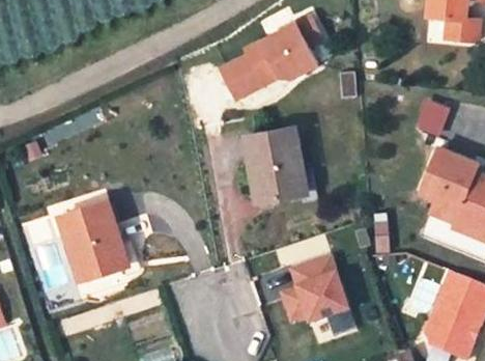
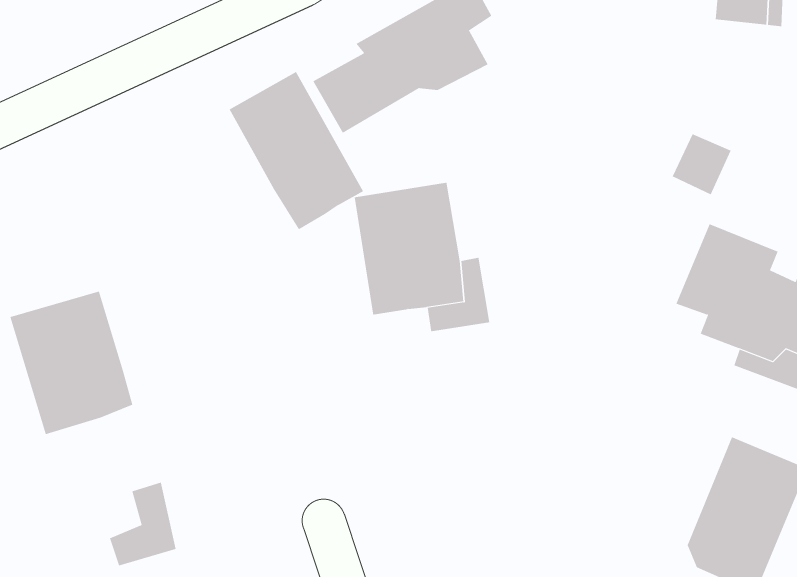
building: none -> [229,71,364,230]
building: [93,227,131,274] -> [109,482,176,566]
building: [276,254,344,322] -> none

